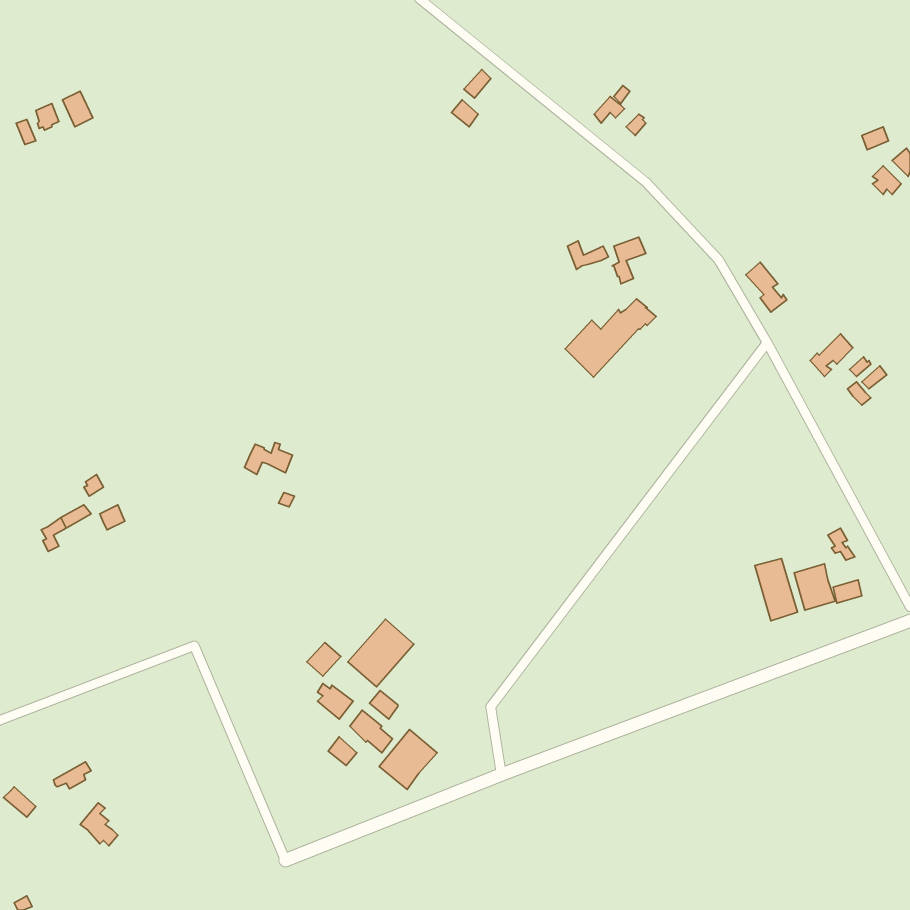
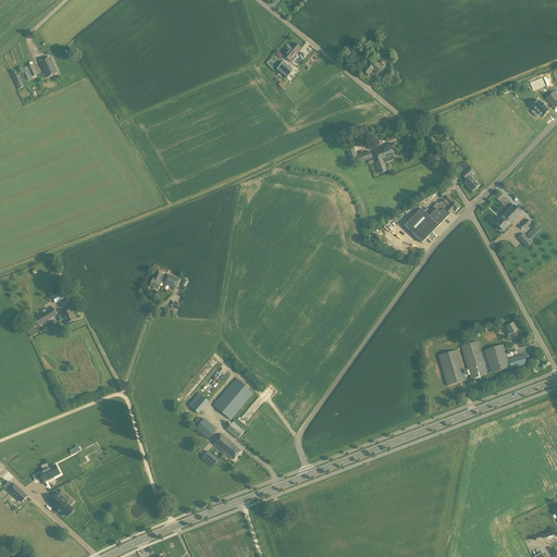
building: [565,299,656,377] -> [404,195,459,243]
building: none -> [437,349,465,385]
building: [379,730,437,790] -> none

